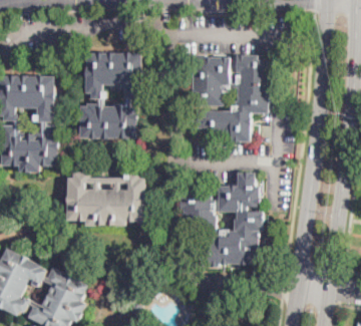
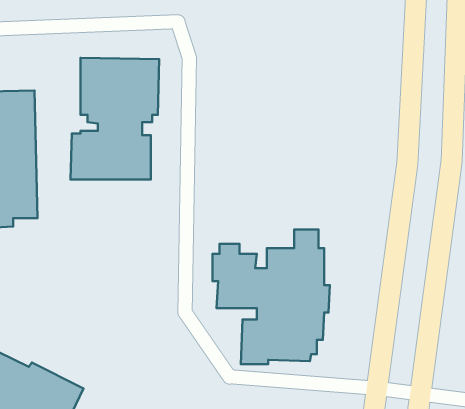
building: [188,55,271,143] -> none
building: [67,173,145,226] -> none

